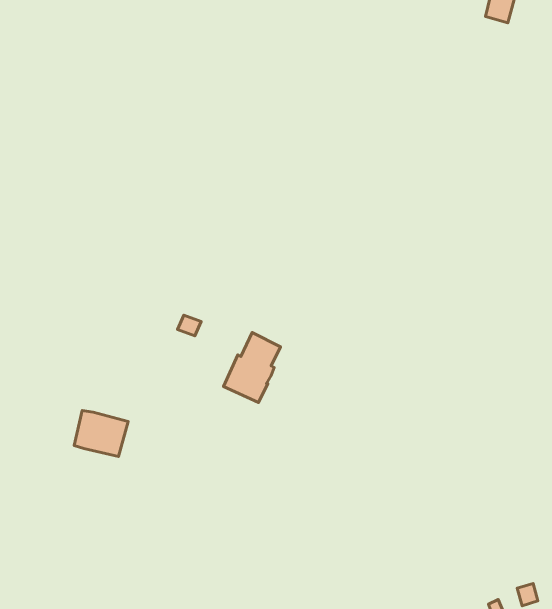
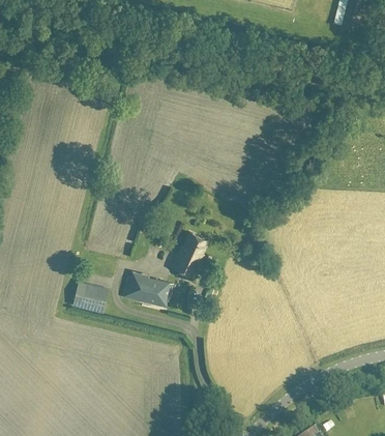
building: none -> [119,275,170,307]

